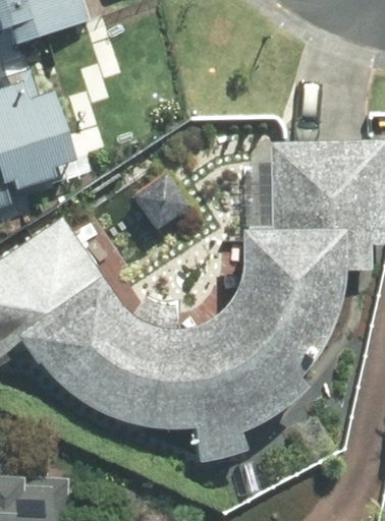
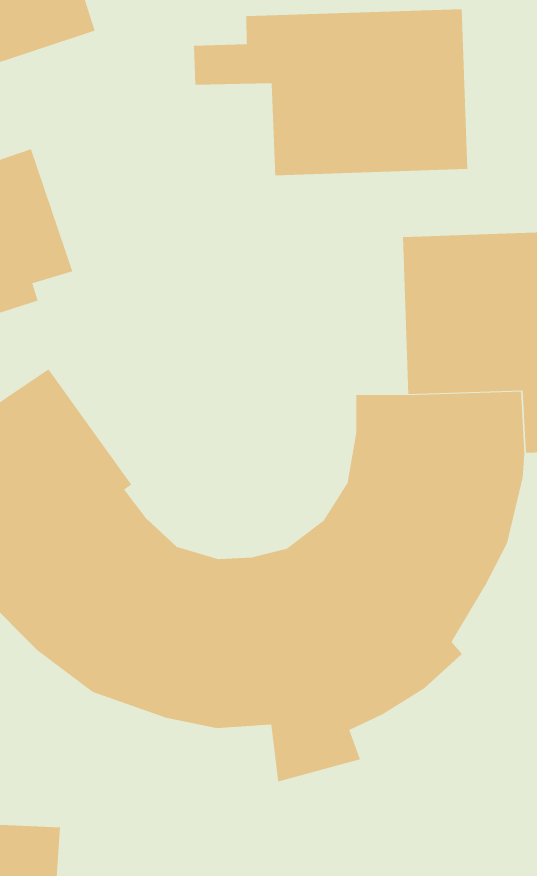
building: none -> [193,8,468,176]

